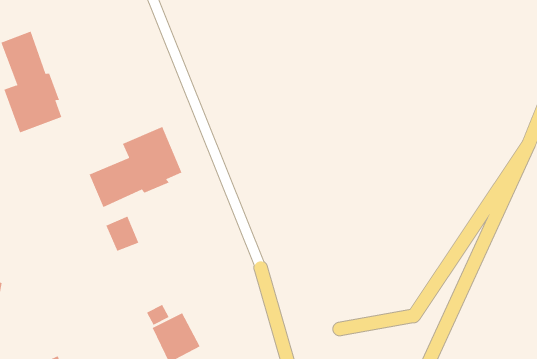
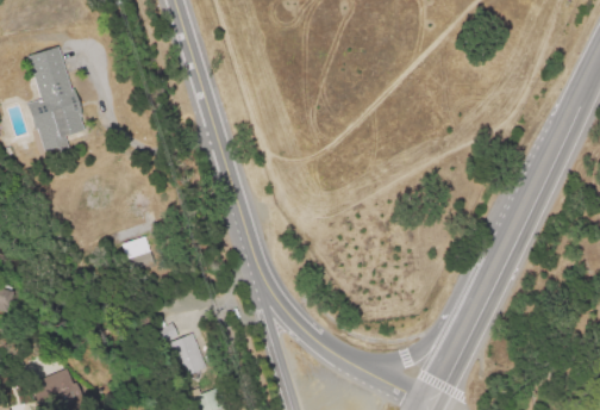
building: [89,126,182,208] -> none

